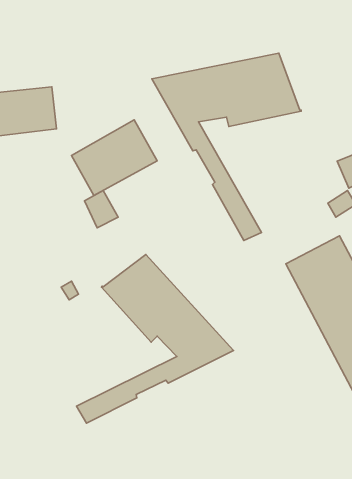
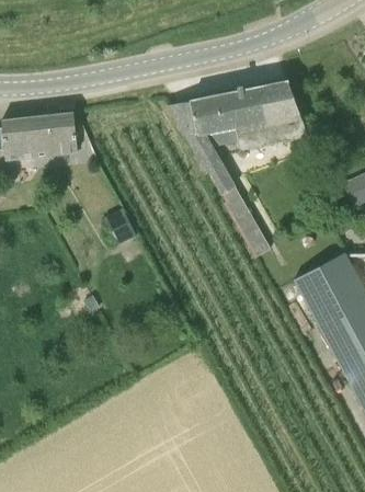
building: [71,120,157,195] -> none
building: [77,254,233,423] -> none

